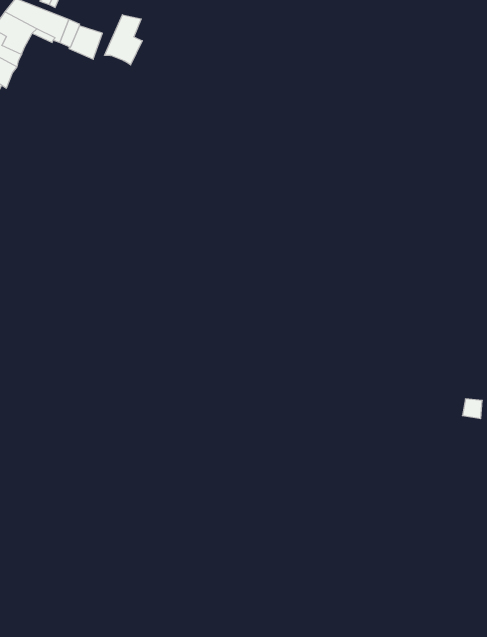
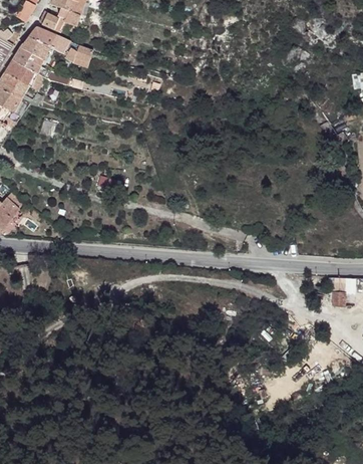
building: [105,15,142,65] -> none

